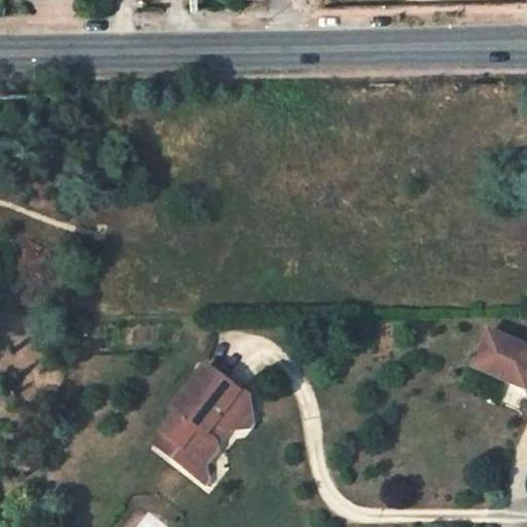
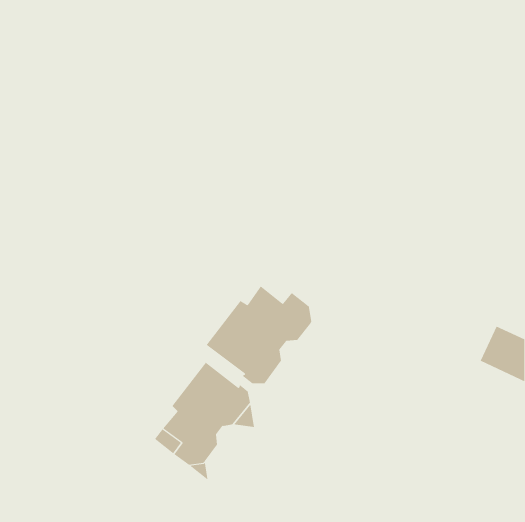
building: none -> [206,286,312,384]

